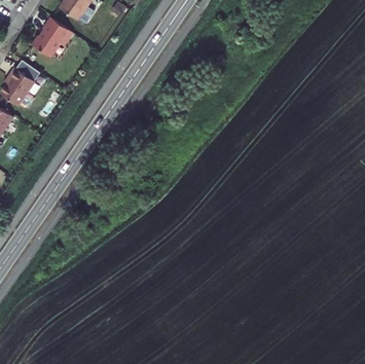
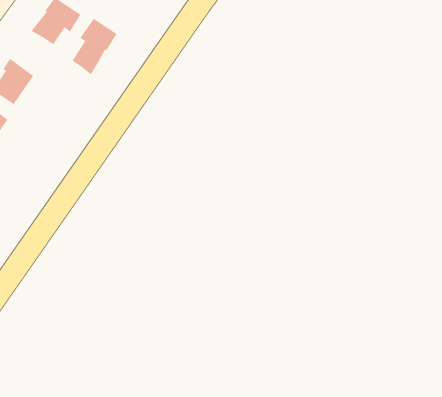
building: none -> [71,18,118,75]

